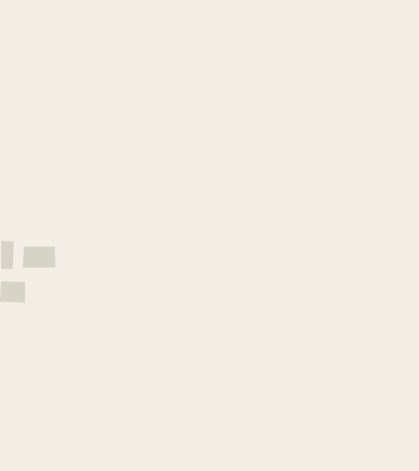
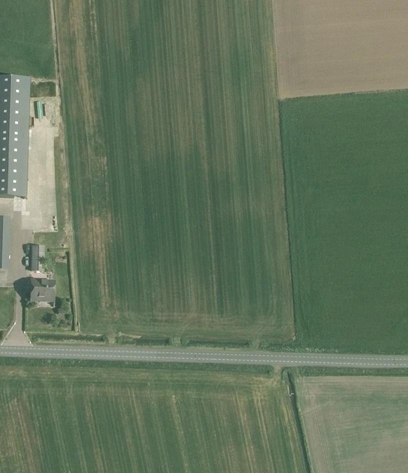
building: [22,246,56,268] -> none

